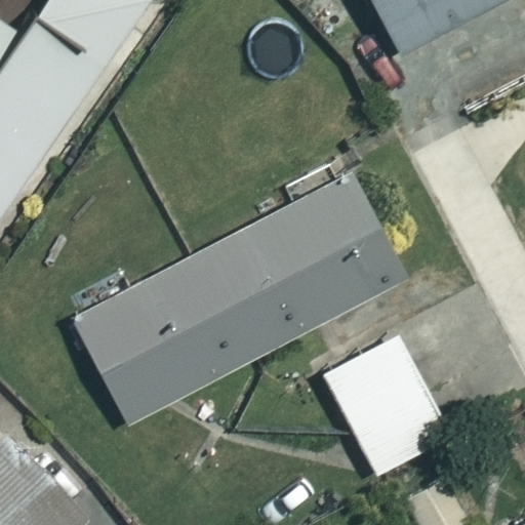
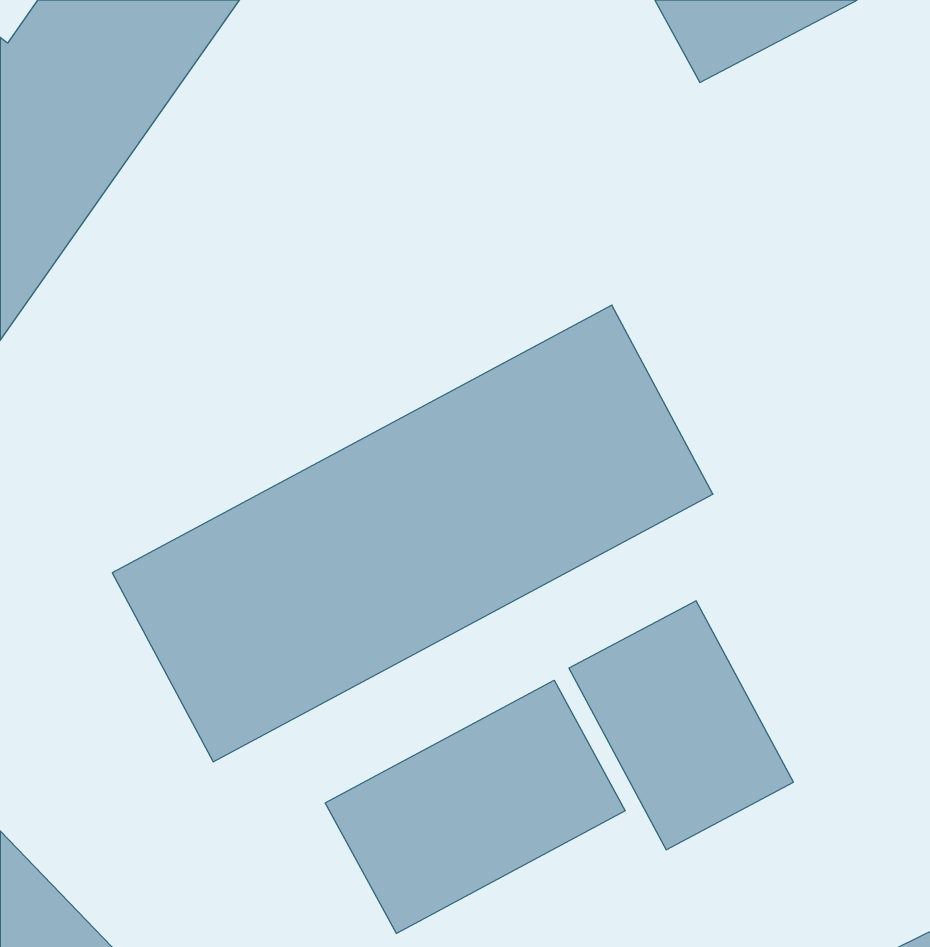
building: none -> [325,680,625,933]

